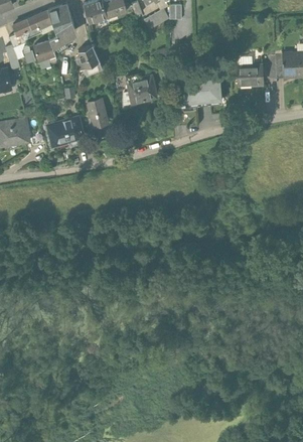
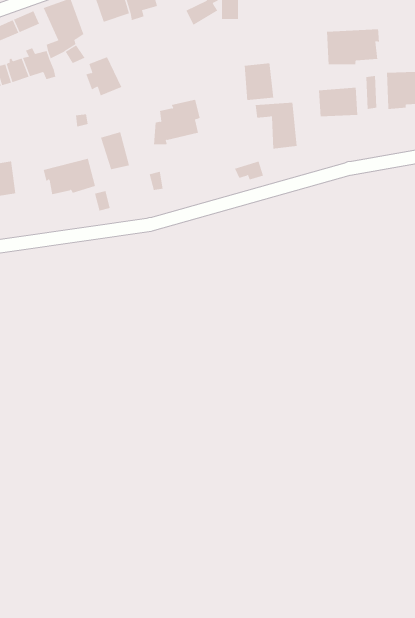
building: none -> [326,28,380,65]
building: none -> [244,63,274,101]

